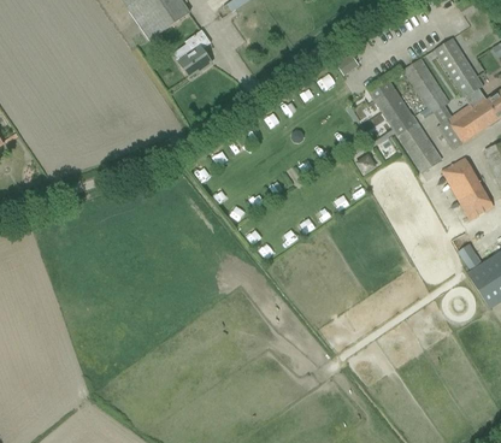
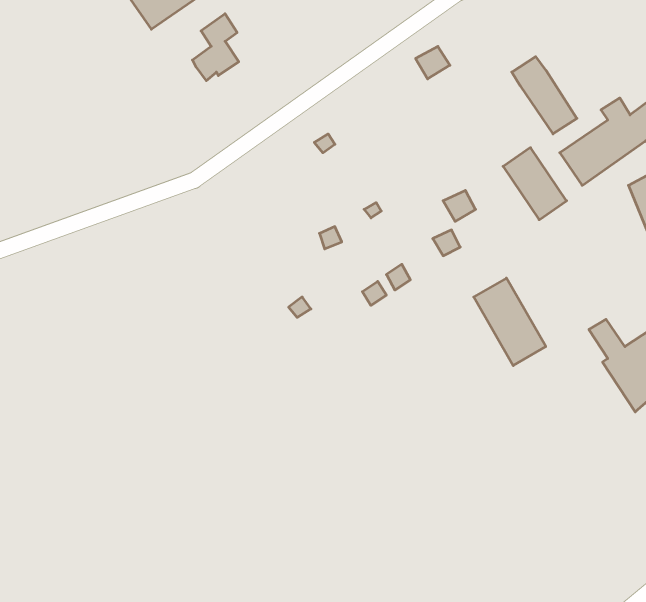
building: [435,39,483,96] -> none
building: [370,79,417,136] -> none
building: [442,158,493,219] -> [474,278,546,366]

